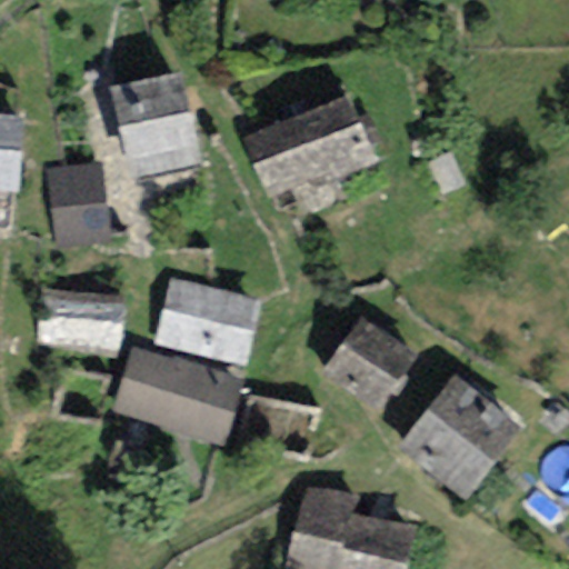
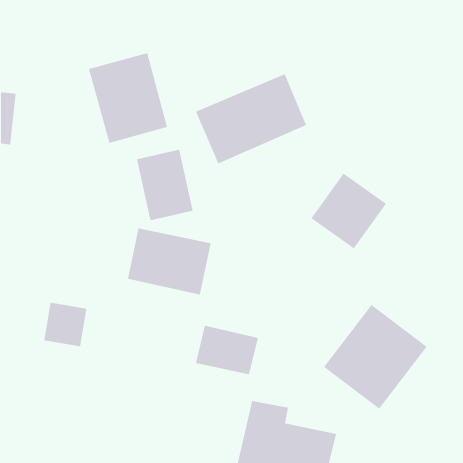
building: [44,161,114,249] -> [136,149,193,221]
building: [36,292,119,351] -> none
building: [322,315,416,408] -> [311,173,387,249]
building: [114,345,240,440] -> none

